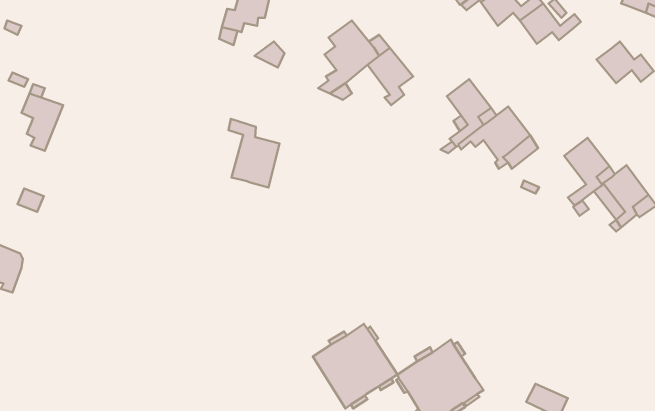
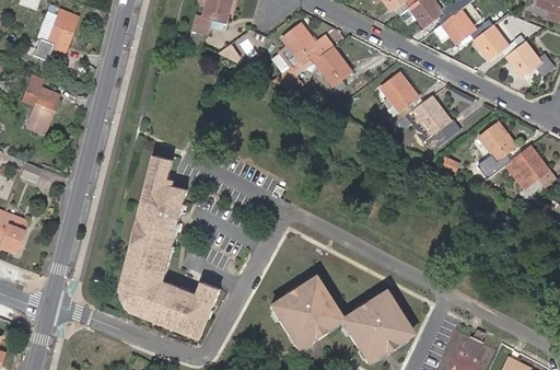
building: none -> [47,11,77,56]
building: none -> [475,24,526,58]
building: [228,119,280,188] -> none
building: none -> [119,154,218,337]

